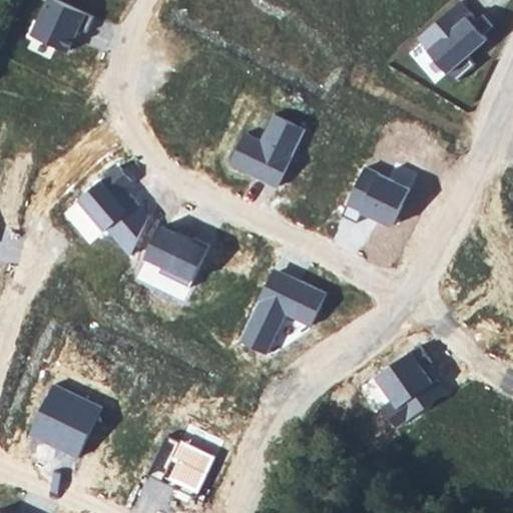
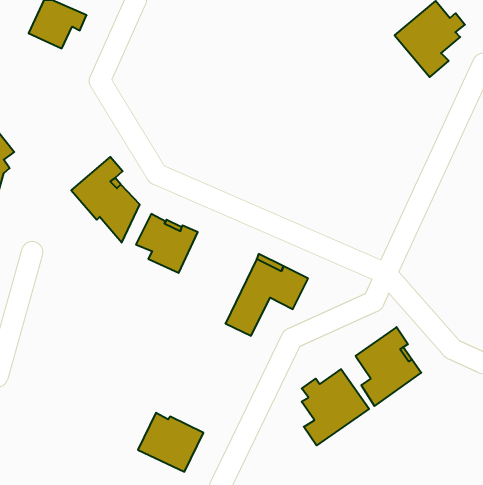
building: [228,115,303,188] -> none
building: [340,167,408,226] -> none
building: [27,385,100,459] -> none
building: none -> [302,369,369,445]

